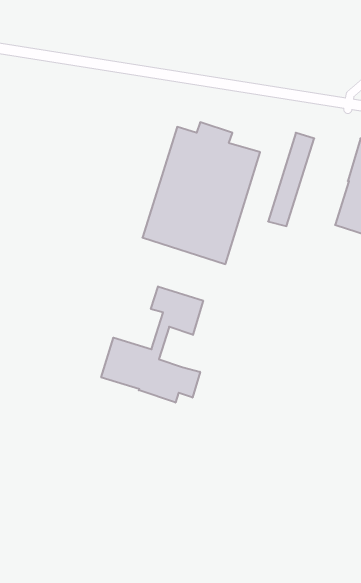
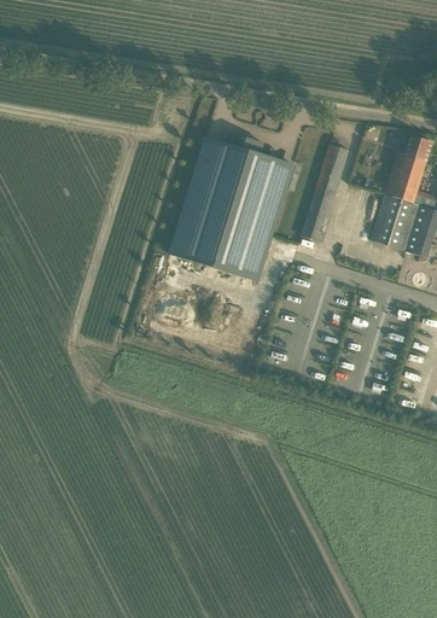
building: [101,286,203,403] -> none

